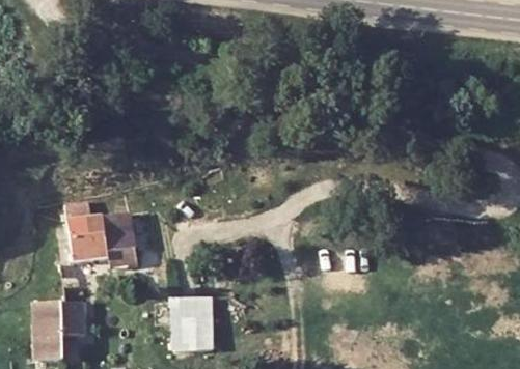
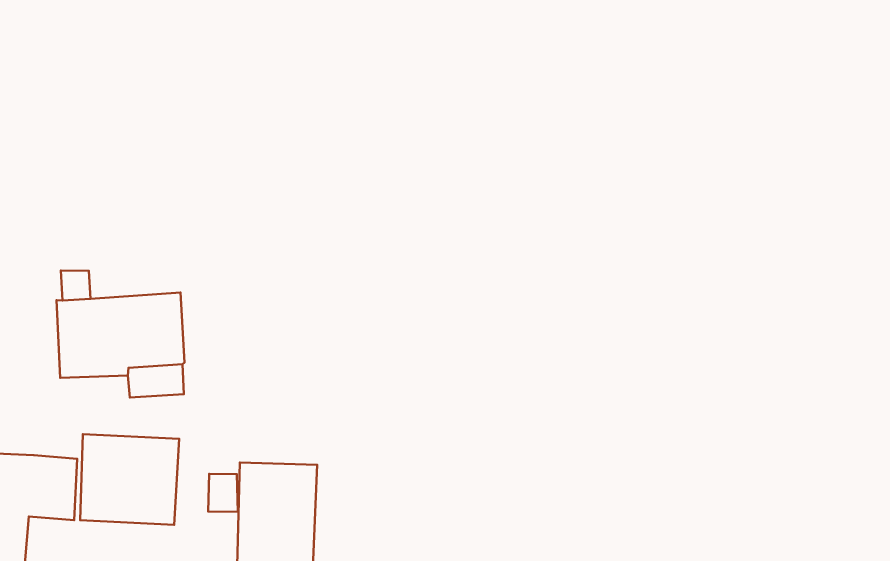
building: none -> [80,434,179,525]

